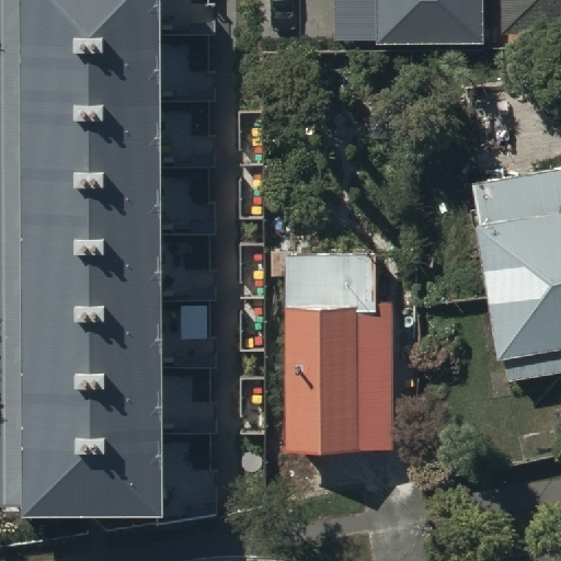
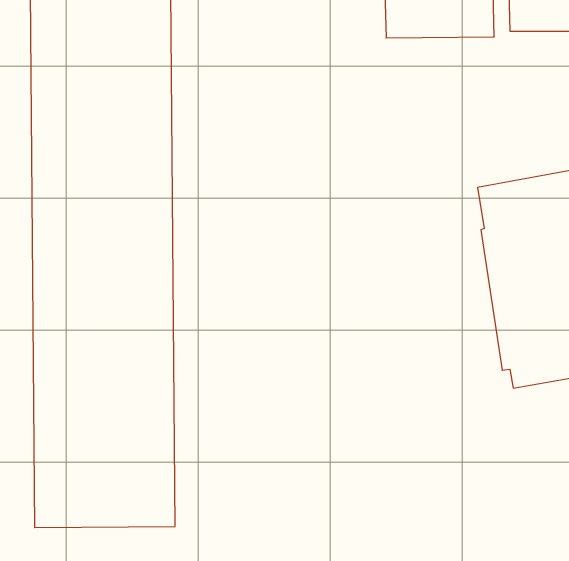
building: [283,254,393,451] -> none

